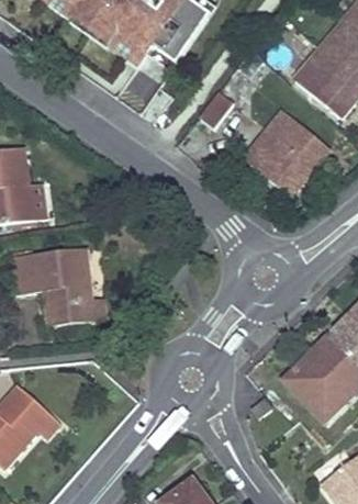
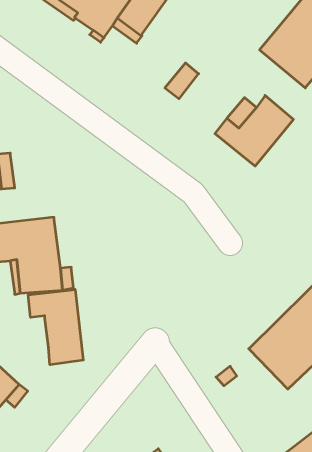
building: none -> [28,289,83,365]

